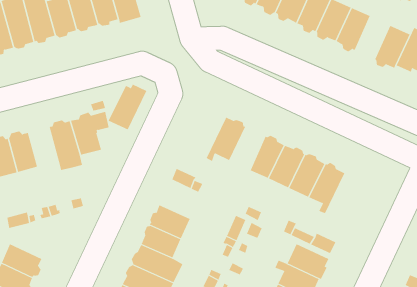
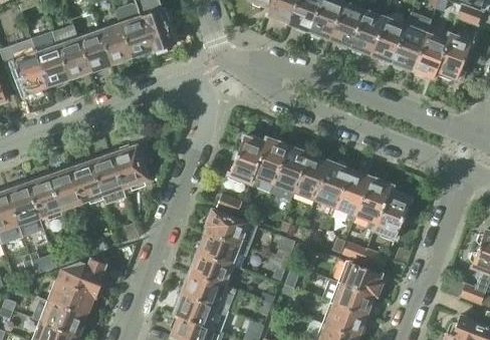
building: none -> [393,26,426,69]
building: [108,84,147,130] -> [229,134,266,182]
building: none -> [69,158,101,203]
building: none -> [274,146,308,191]
building: none -> [375,189,410,237]
building: none -> [206,210,256,248]
building: none -> [58,257,105,296]

